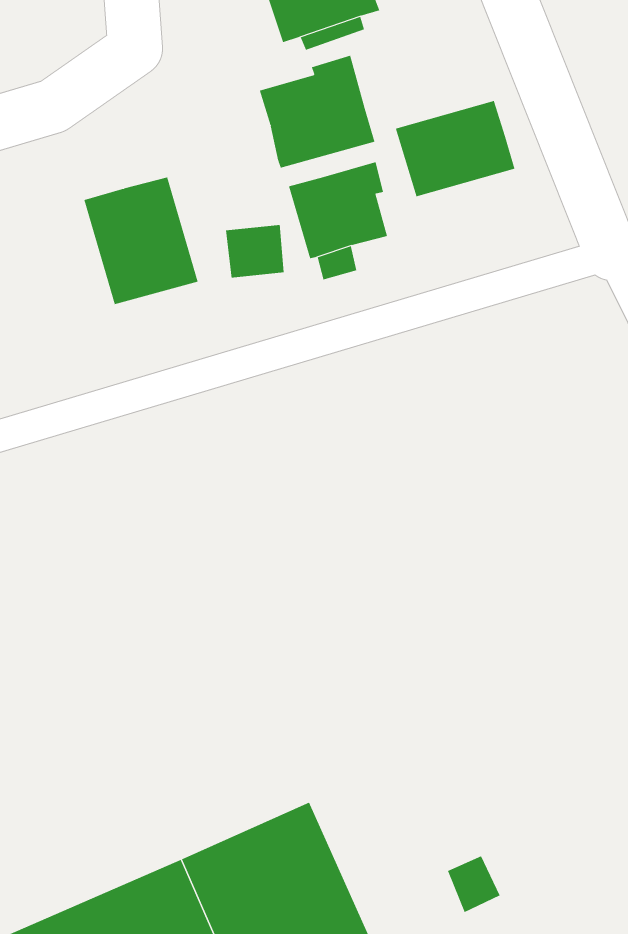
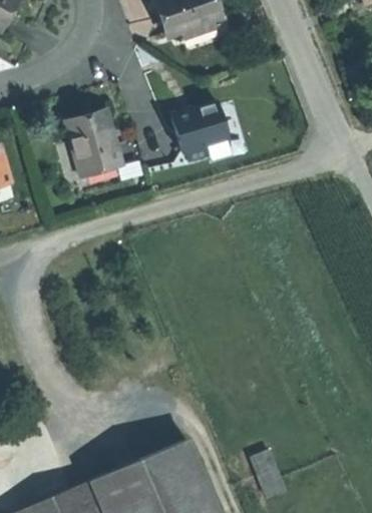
building: [259,55,375,168] -> none
building: [395,100,515,197] -> none

